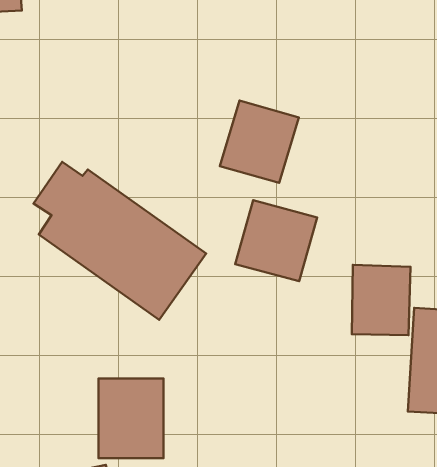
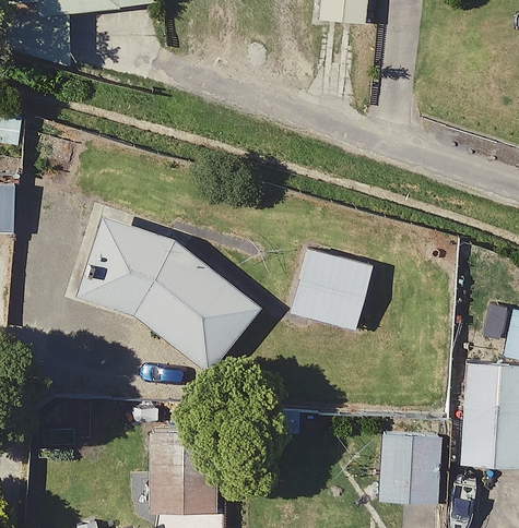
building: [220,101,299,183] -> none
building: [352,265,411,335] -> [380,433,440,505]

